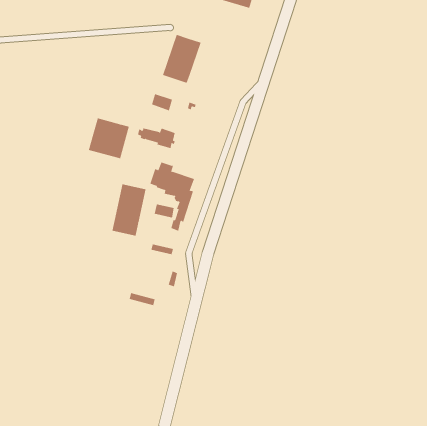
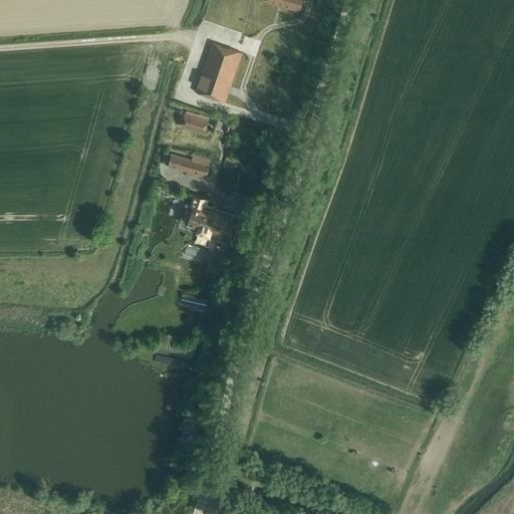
building: [88,117,130,159] -> none
building: [112,184,146,237] -> none

